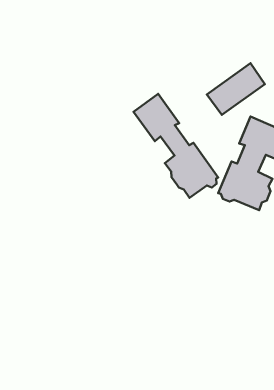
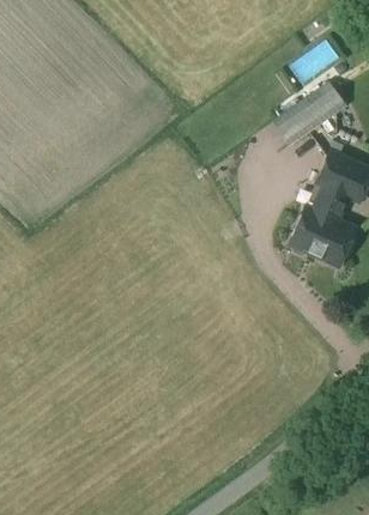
building: [134,94,218,198] -> none

